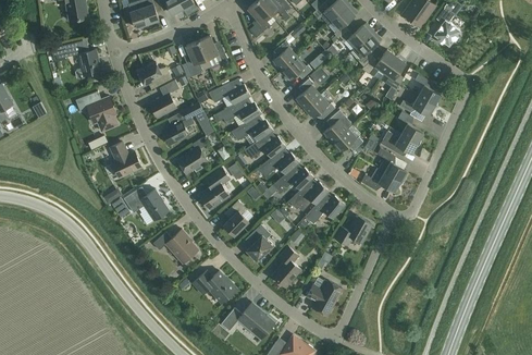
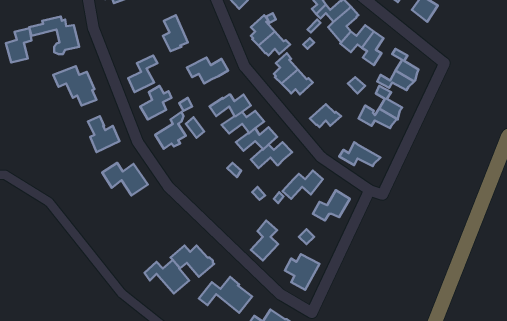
building: [197,36,225,68] -> none
building: none -> [6,28,32,63]
building: [136,63,171,86] -> none
building: [211,101,260,124] -> none
building: [323,112,351,144] -> none
building: [376,148,406,183] -> none
building: [198,168,228,209] -> none
building: [287,182,329,211] -> none
building: [222,200,247,235] -> none
building: [246,224,271,261] -> none
building: [152,230,197,264] -> [144,260,189,293]

